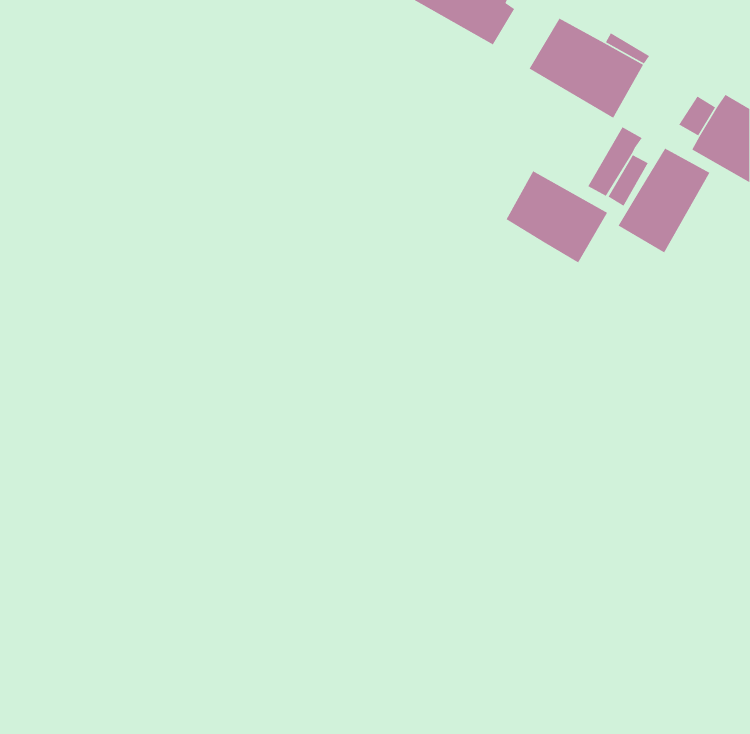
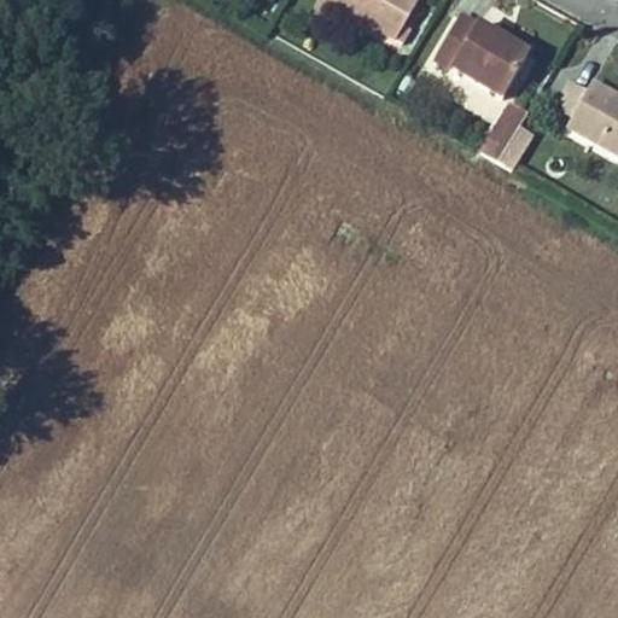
building: [618,147,711,253] -> none
building: [506,170,608,263] -> none

